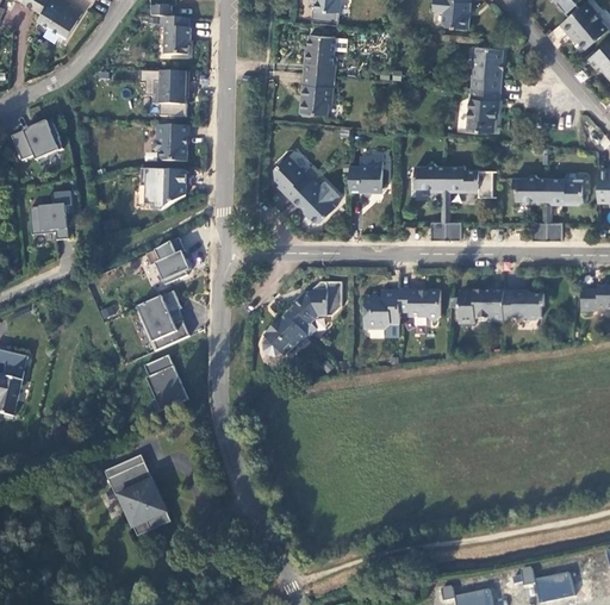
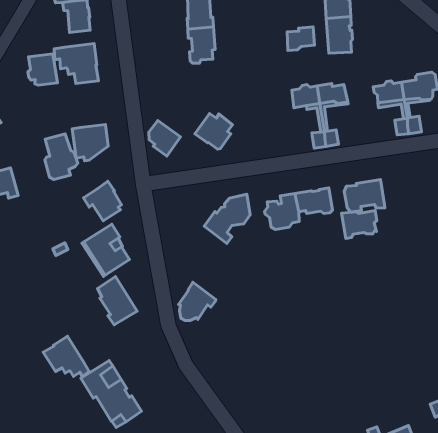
building: none -> [287,27,315,50]
building: [152,124,186,161] -> [28,54,58,85]
building: [273,155,311,199] -> [149,121,181,156]
building: [348,161,381,192] -> none
building: none -> [45,134,78,180]
building: [503,289,543,320] -> [342,211,377,238]
building: [262,311,307,356] -> [179,282,216,321]
building: none -> [43,336,89,377]

